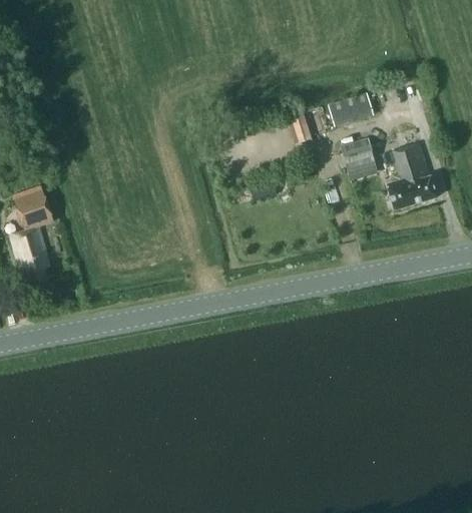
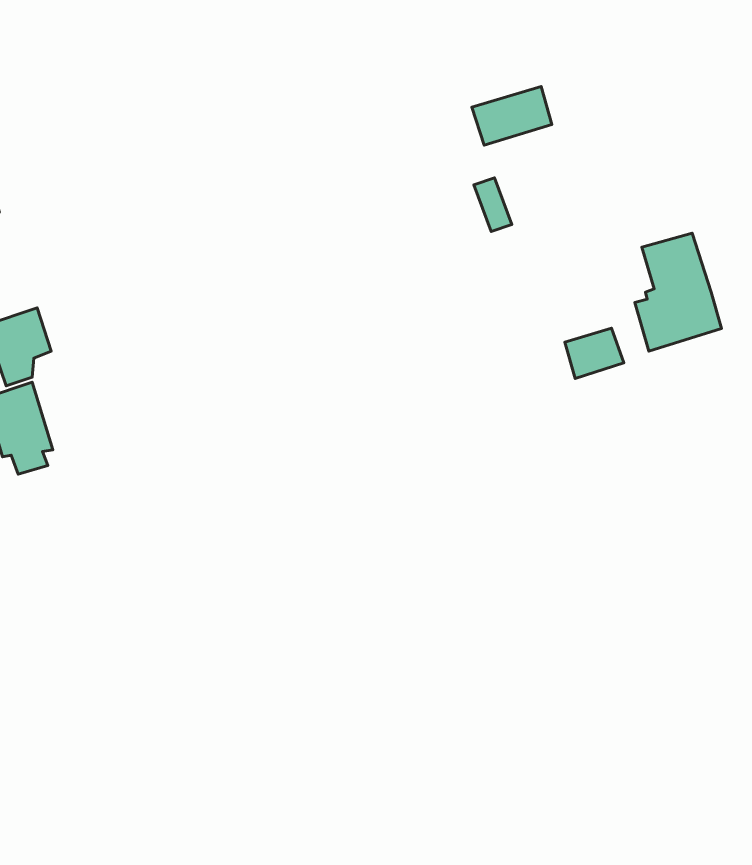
building: [327,91,373,125] -> [472,86,552,145]
building: [342,142,376,171] -> [565,328,624,378]

